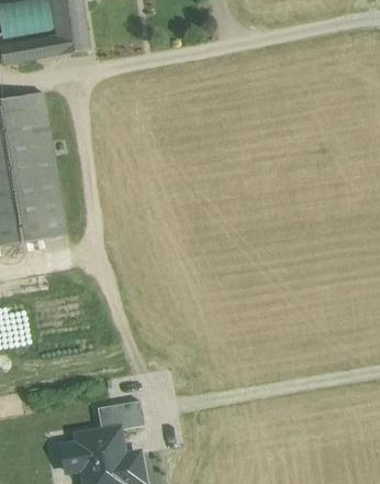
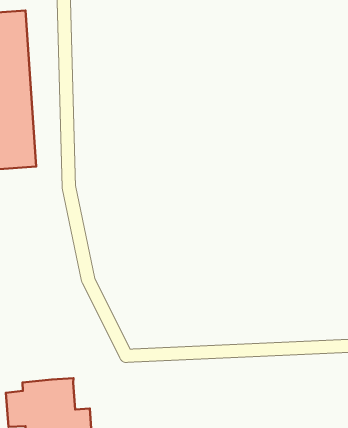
building: [97,400,144,428] -> none

